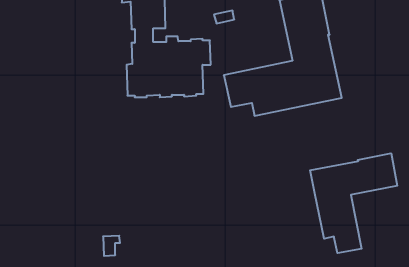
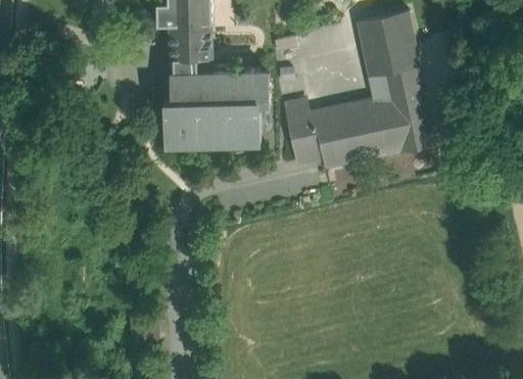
building: [310,153,397,253] -> none

